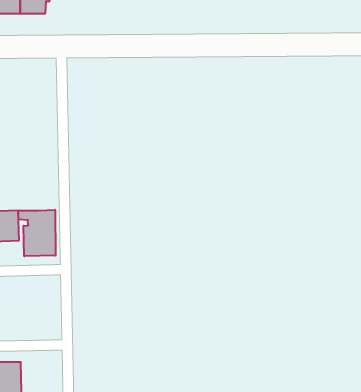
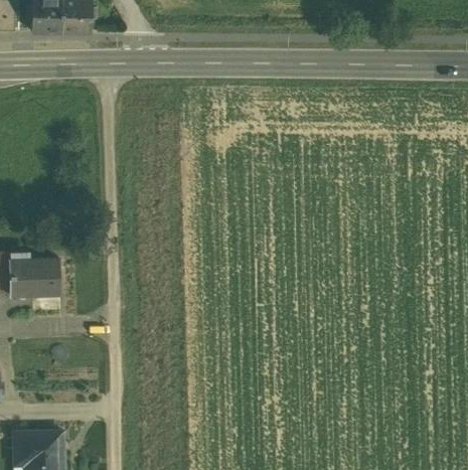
building: [18,210,56,256] -> none

